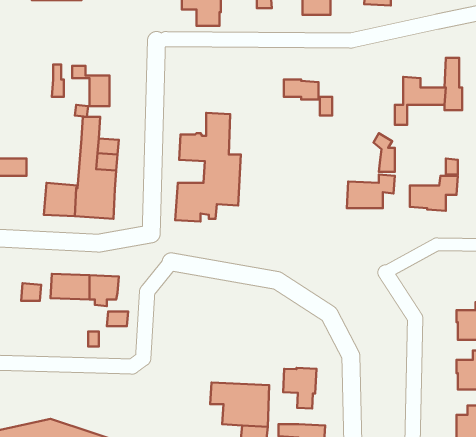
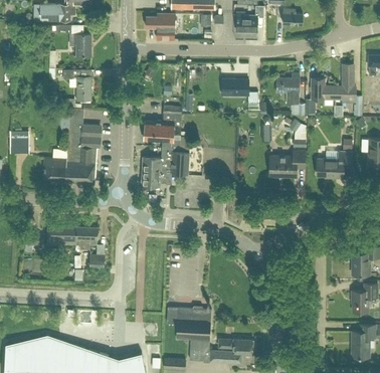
building: none -> [69,35,91,57]
building: none -> [276,74,305,116]
building: [283,368,316,409] -> none

